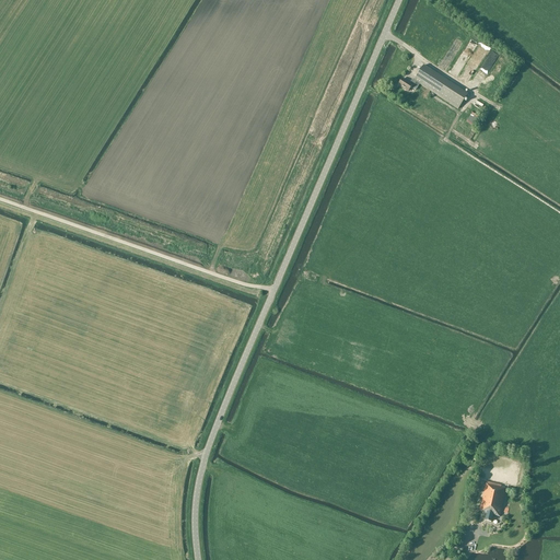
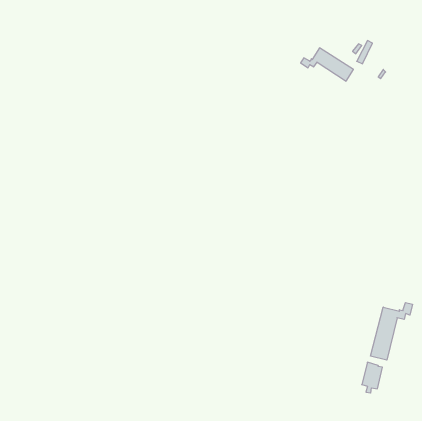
building: none -> [371,303,412,360]

